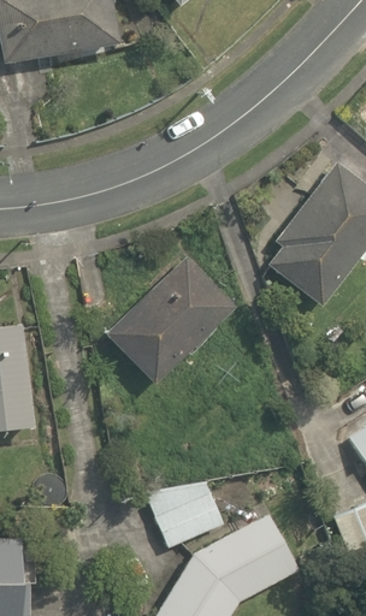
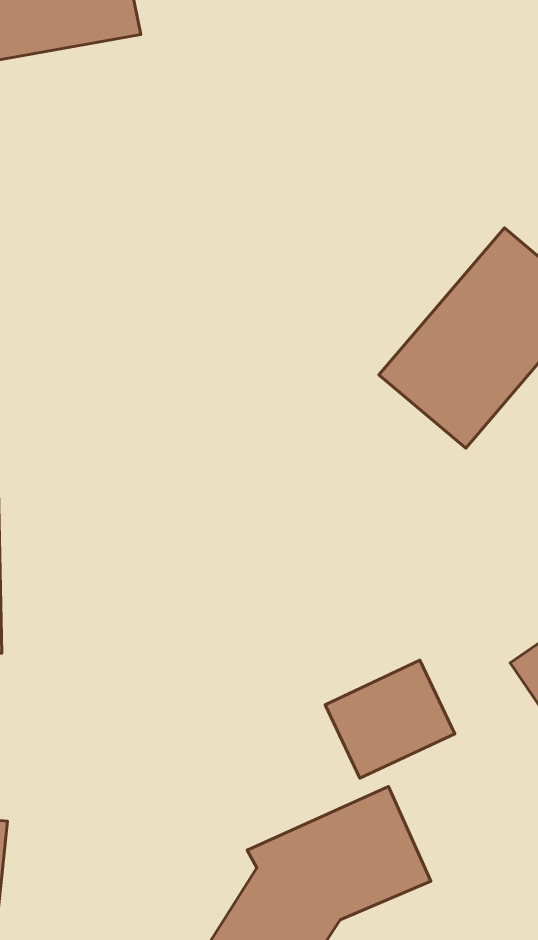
building: [105,263,225,385] -> none
building: [149,473,230,546] -> [325,660,455,778]

